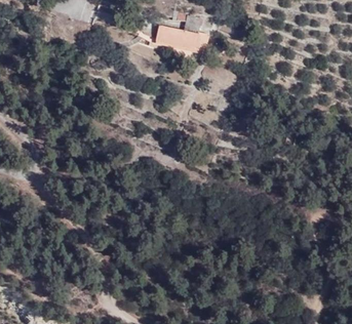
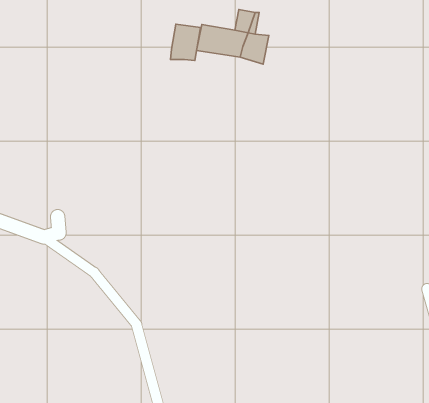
building: none -> [170,24,201,60]

